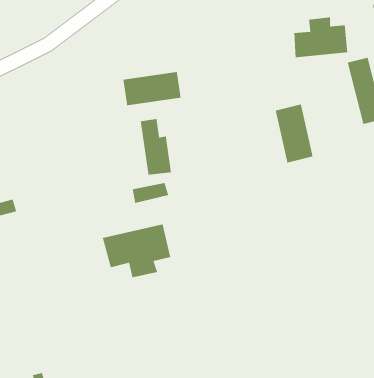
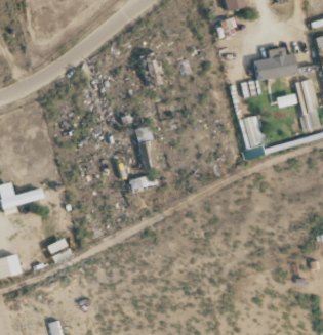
building: [122,71,182,106] -> none
building: [102,223,171,278] -> none

